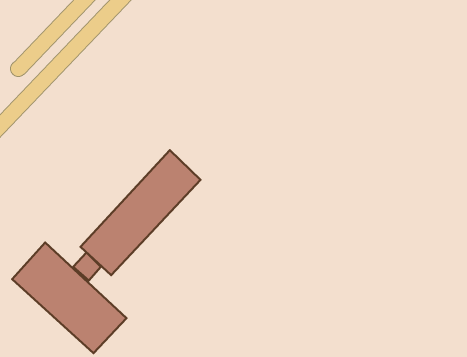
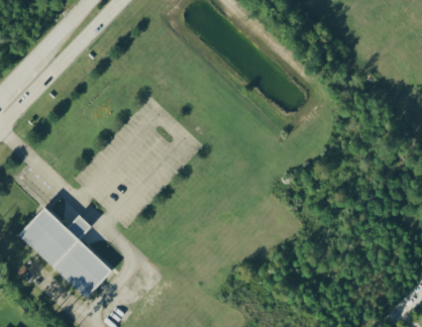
building: [80,150,201,275] -> none

